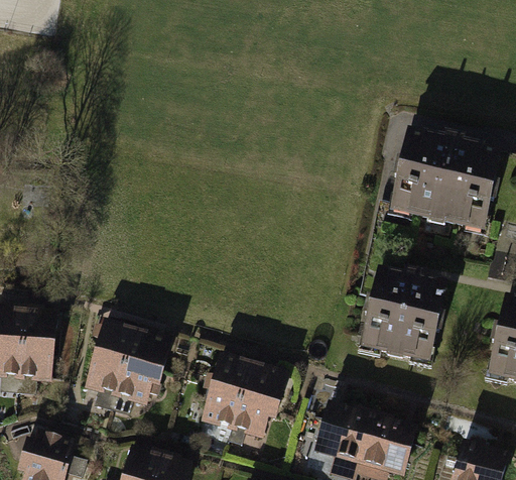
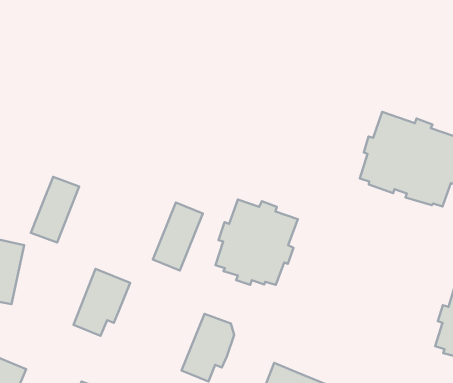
building: [363,273,442,361] -> [215,199,298,285]
building: [87,326,131,393] -> [31,177,79,243]
building: [203,358,249,428] -> [153,203,203,270]

